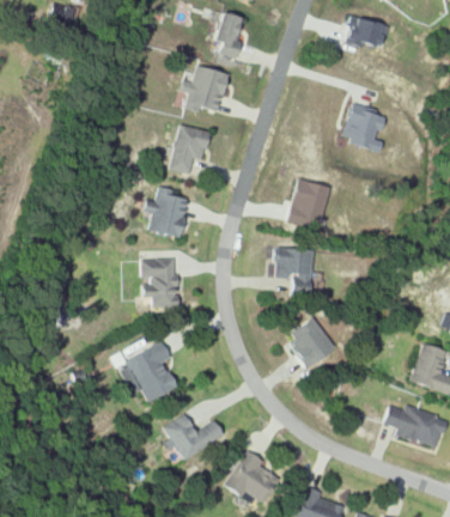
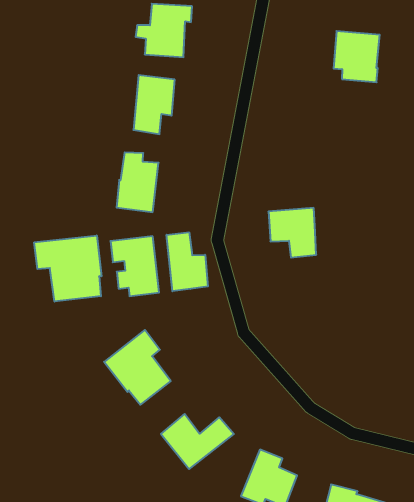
building: [285,177,332,233] -> none
building: none -> [34,235,101,302]
building: none -> [167,232,208,291]
building: [287,315,333,363] -> none

